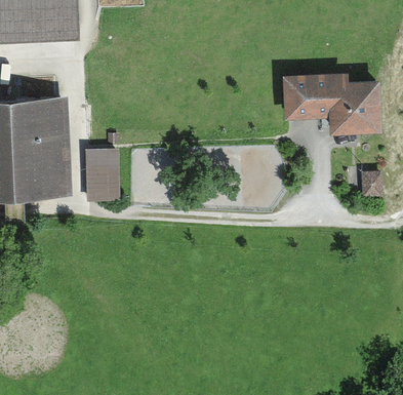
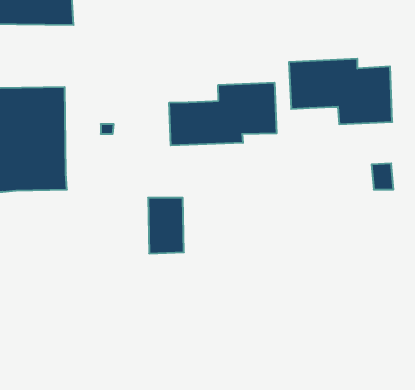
building: none -> [169,83,277,145]
building: [84,150,118,202] -> [148,198,184,253]

